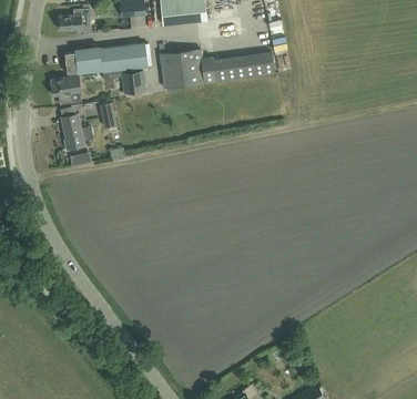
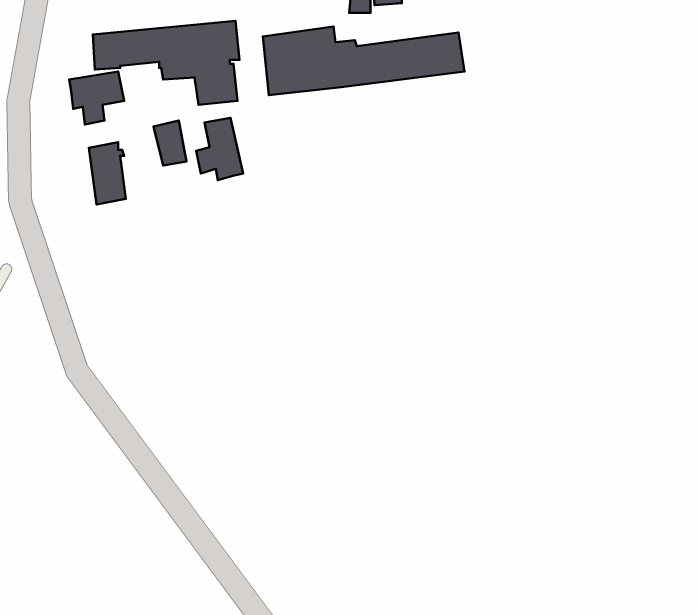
building: none -> [196,118,243,180]

